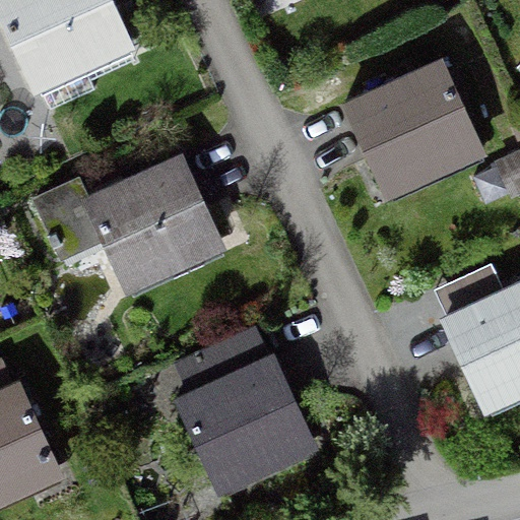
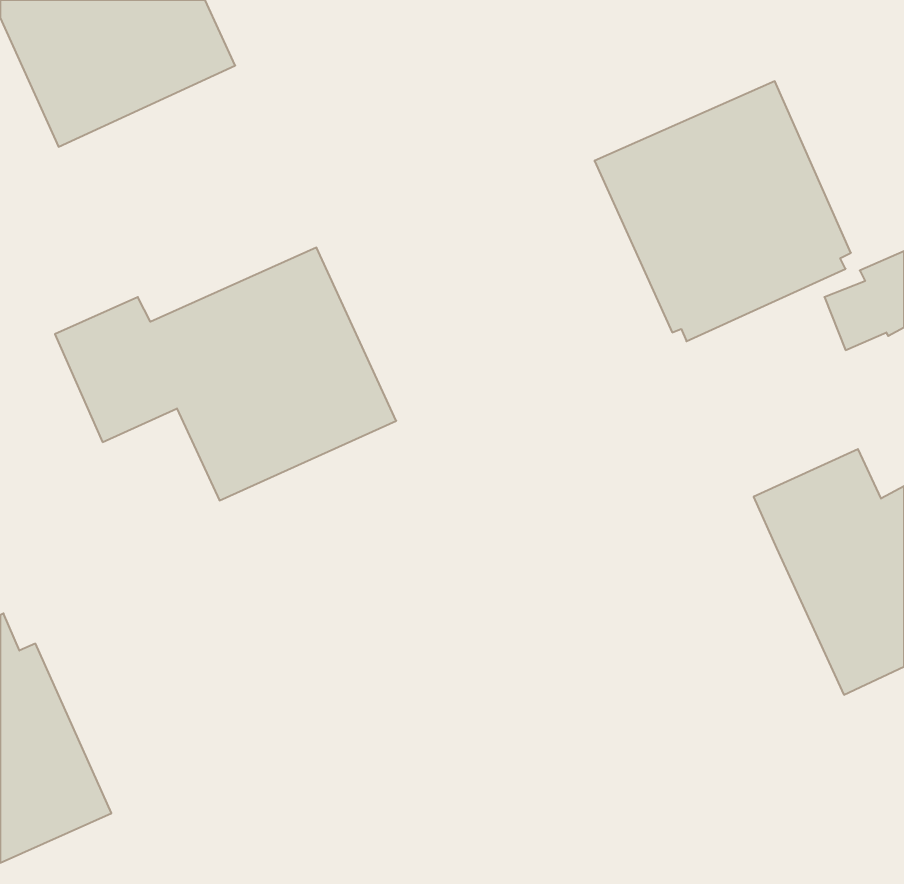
building: [174,330,318,497] -> none

